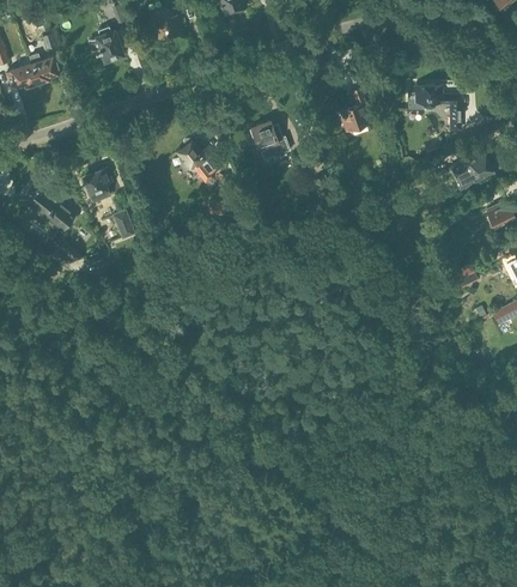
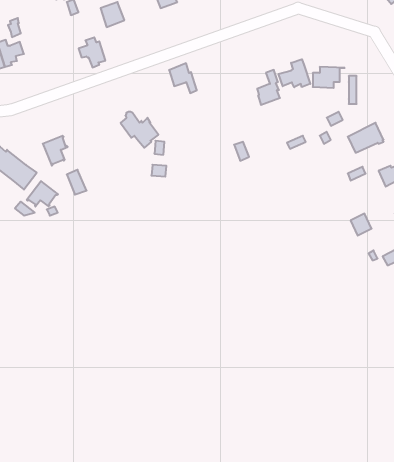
building: [90,26,122,62] -> [79,37,105,67]
building: none -> [279,59,310,87]
building: [250,121,284,157] -> [169,63,197,93]
building: none -> [27,181,58,207]

